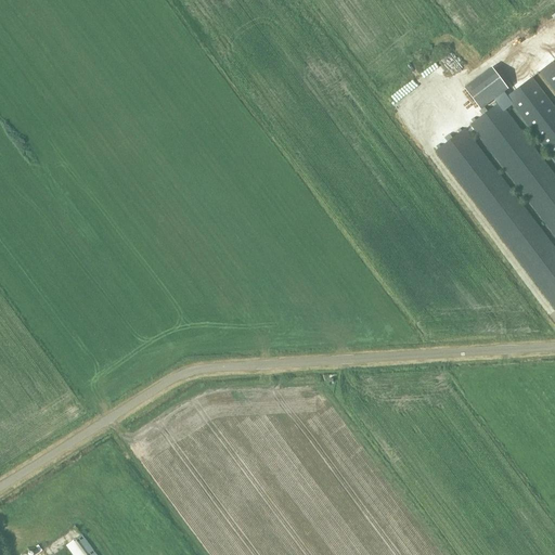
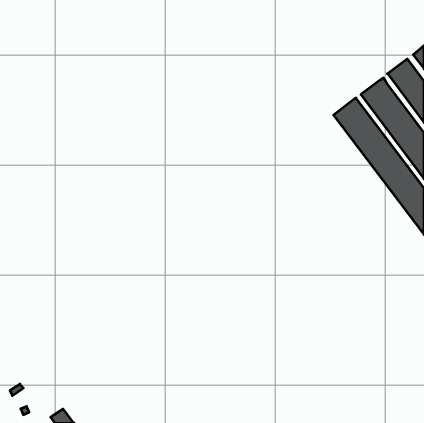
building: [464,67,507,108] -> none

